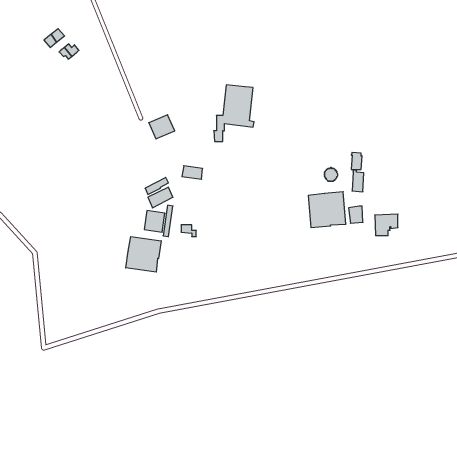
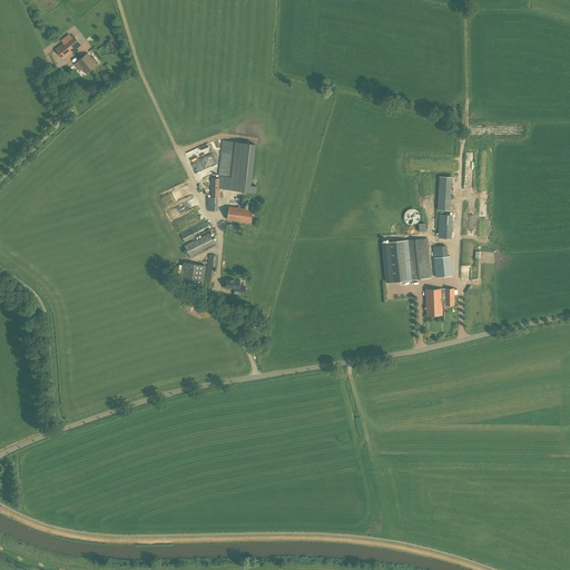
building: [214,85,254,141] -> [206,140,256,210]
building: [375,214,398,236] -> [424,288,453,315]
building: [126,237,161,272] -> none

